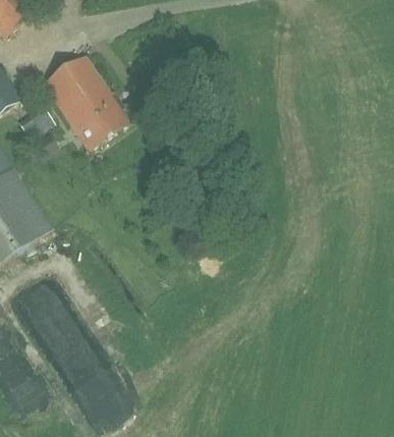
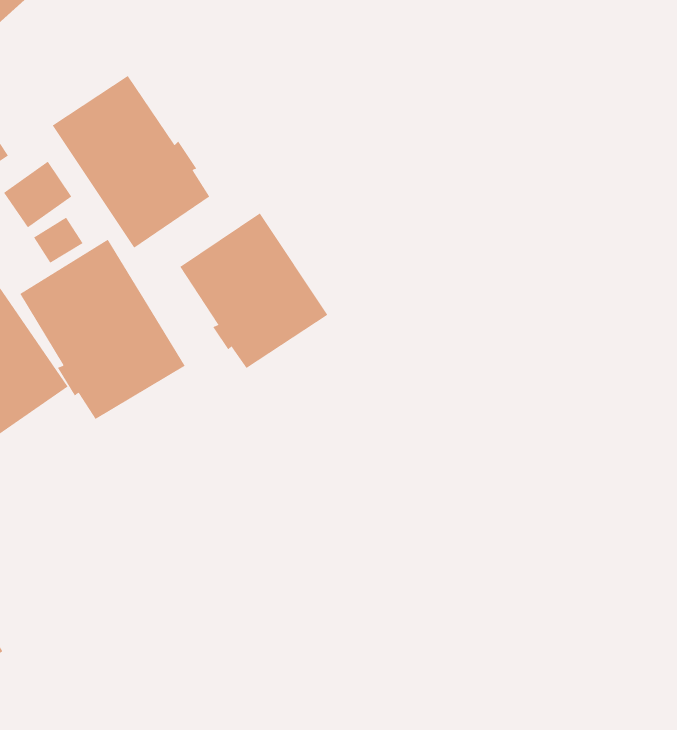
building: none -> [180,212,328,369]
building: none -> [20,239,185,420]

